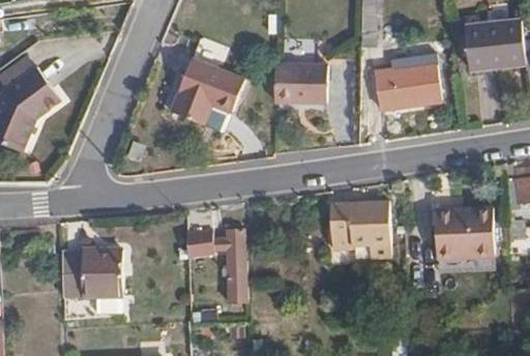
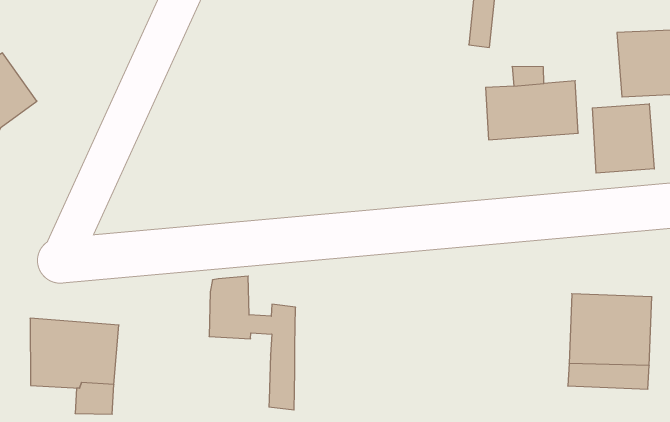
building: [158,55,232,130] -> none
building: [265,61,320,101] -> none
building: none -> [592,104,654,173]
building: [333,202,392,260] -> none

